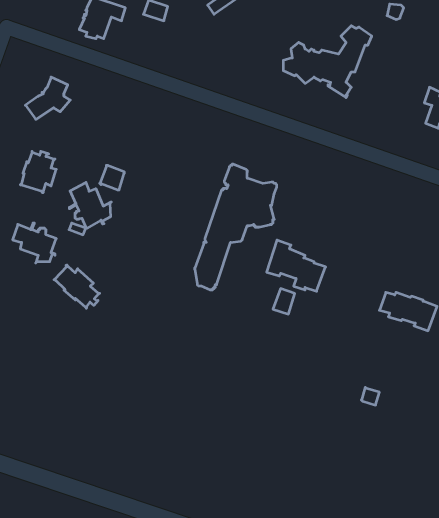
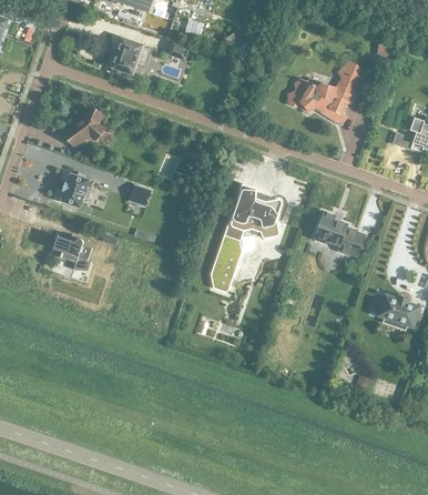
building: [69,182,111,228] -> none
building: [267,240,326,291] -> [314,211,365,255]
building: [54,265,100,308] -> none

